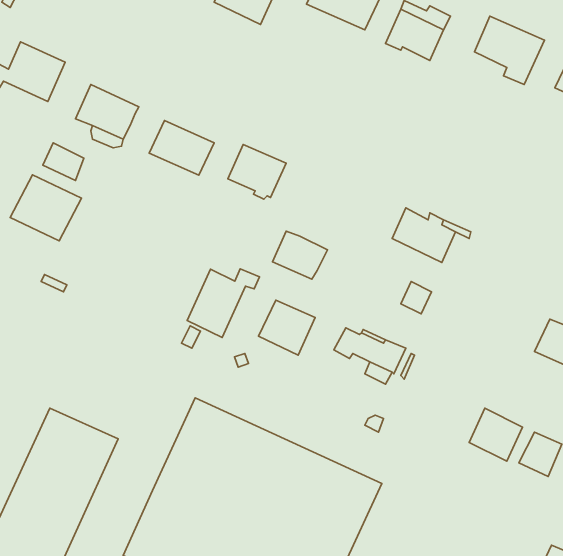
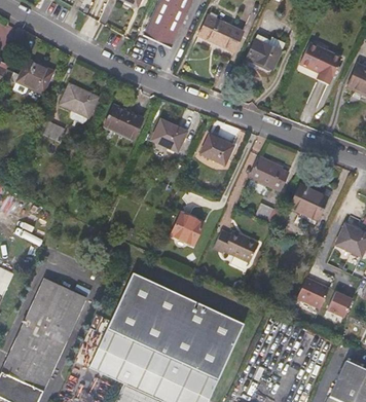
building: [10,175,82,241] -> none
building: [273,231,327,279] -> [200,135,233,163]
building: none -> [289,184,330,224]
building: [187,269,259,338] -> none

